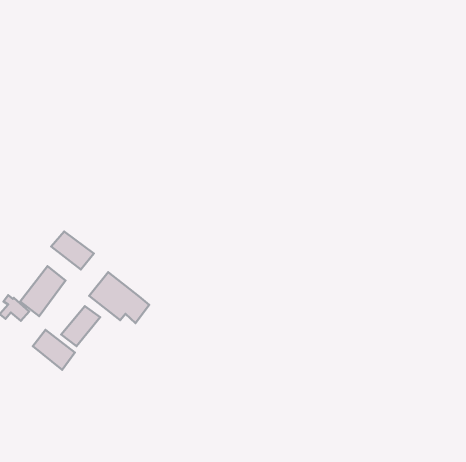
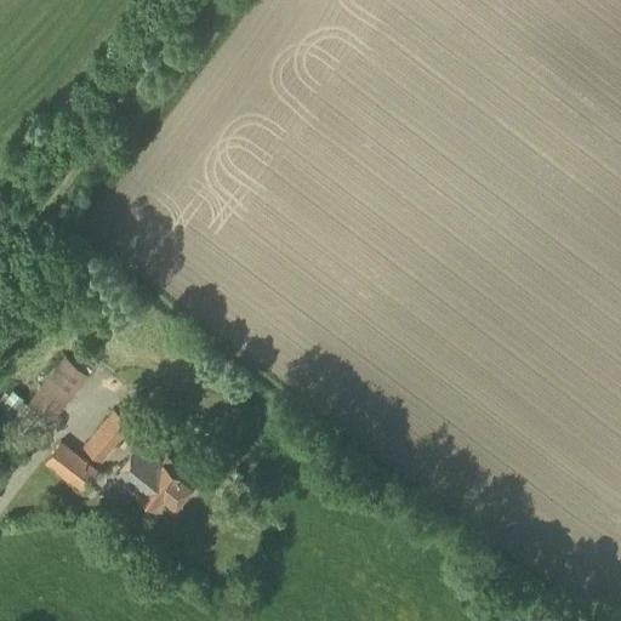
building: [51,232,94,269] -> none
building: [89,272,149,323] -> [113,449,193,517]

